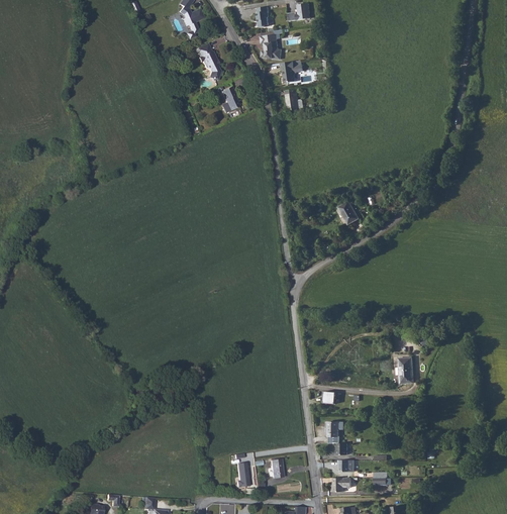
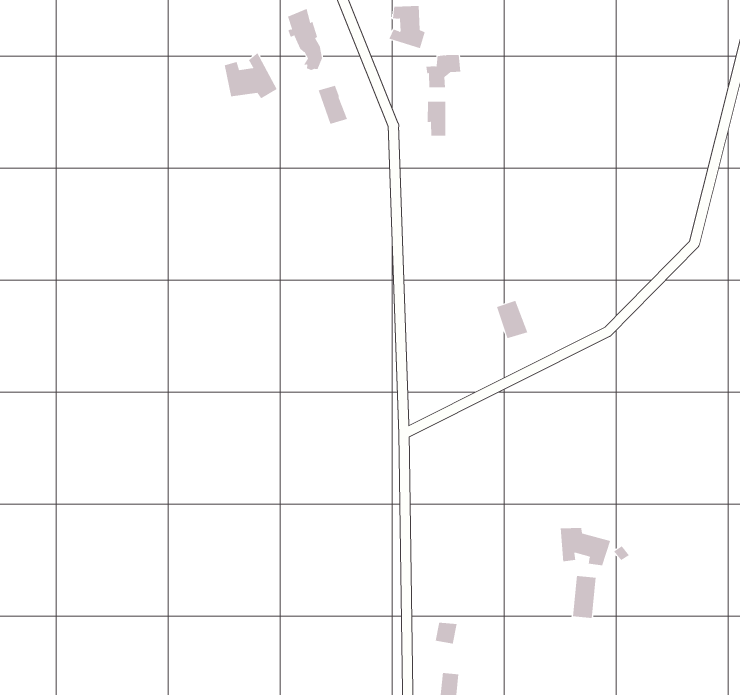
building: none -> [224,52,278,99]
building: none -> [560,527,611,566]

